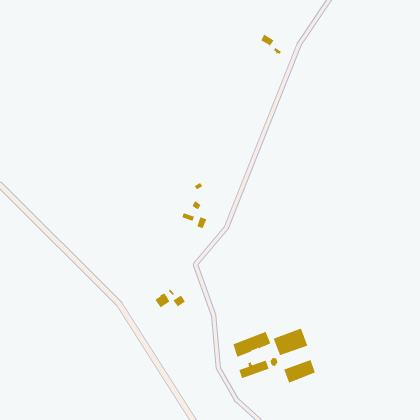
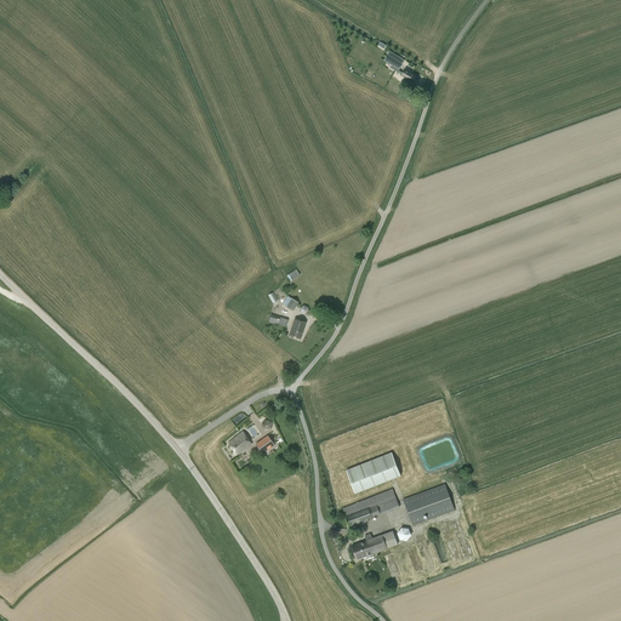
building: none -> [346,451,400,492]
building: [283,359,316,383] -> none

